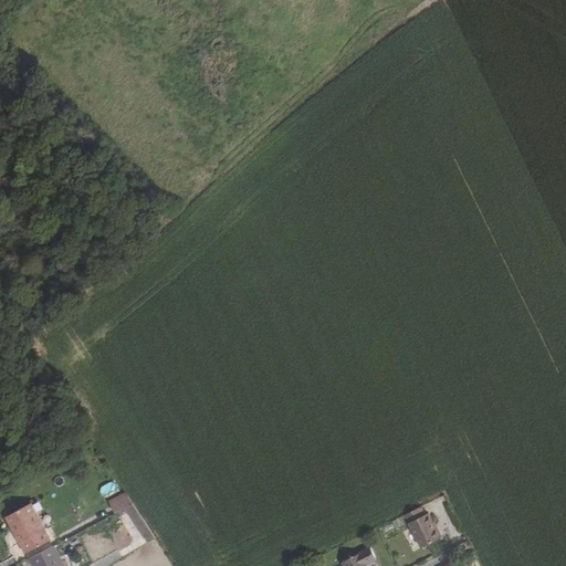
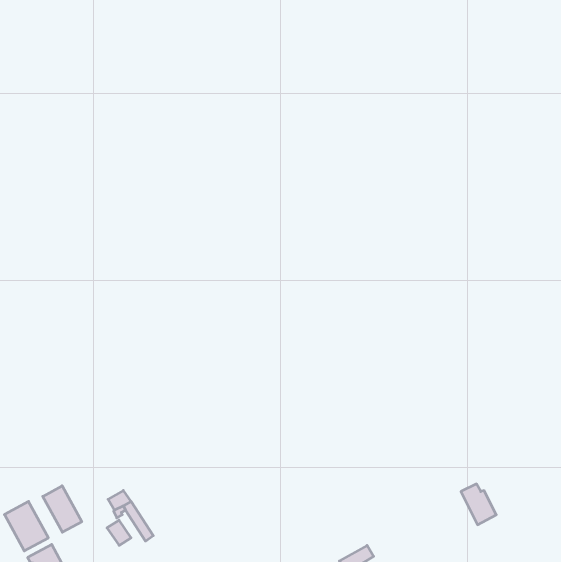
building: none -> [43,486,82,532]
building: [403,507,439,548] -> [461,484,496,525]

